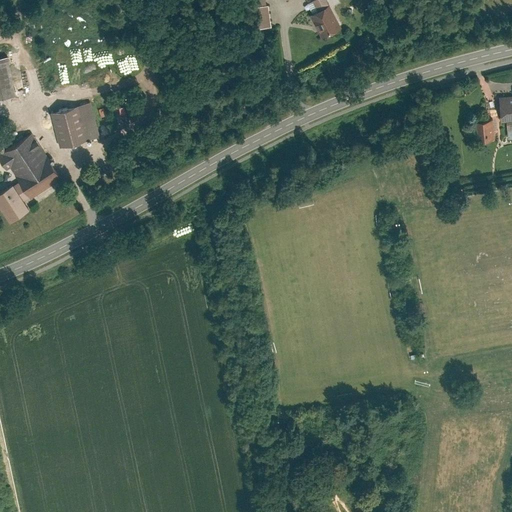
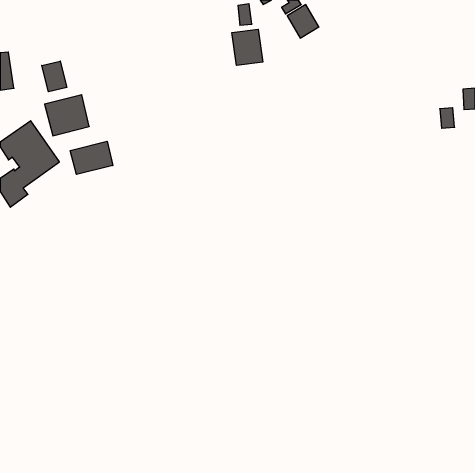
building: none -> [232,29,263,65]
building: none -> [42,61,67,92]
building: none -> [70,141,113,174]

